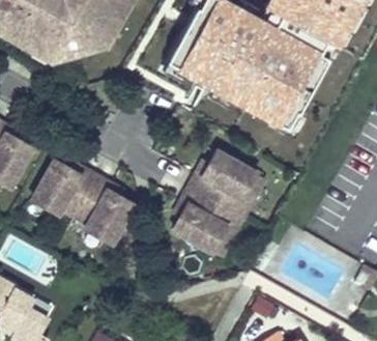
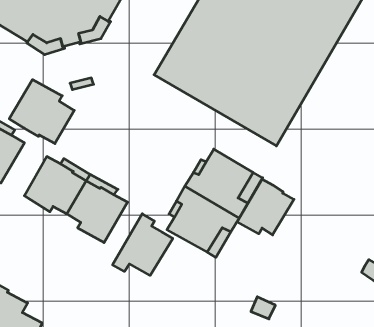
building: none -> [9,80,74,144]
building: none -> [237,179,294,235]
building: none -> [113,214,173,275]

